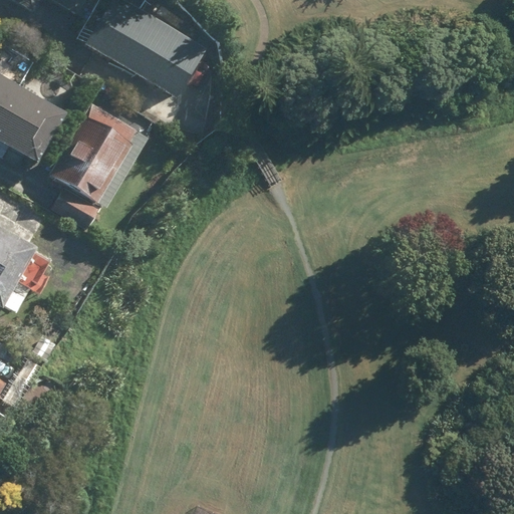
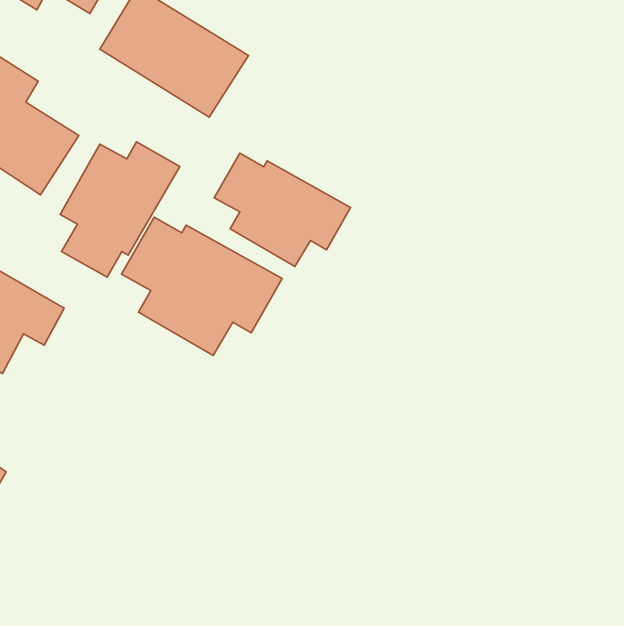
building: none -> [214,153,351,267]
building: none -> [121,217,282,356]

